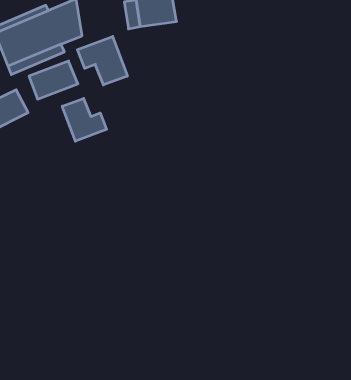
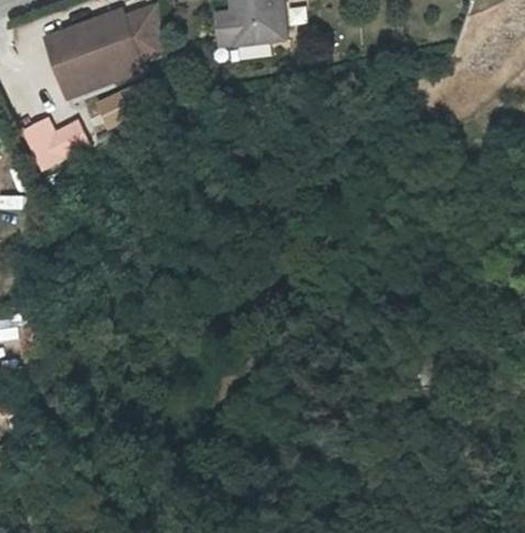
building: [77,36,127,85] -> none
building: [62,98,107,141] -> none

